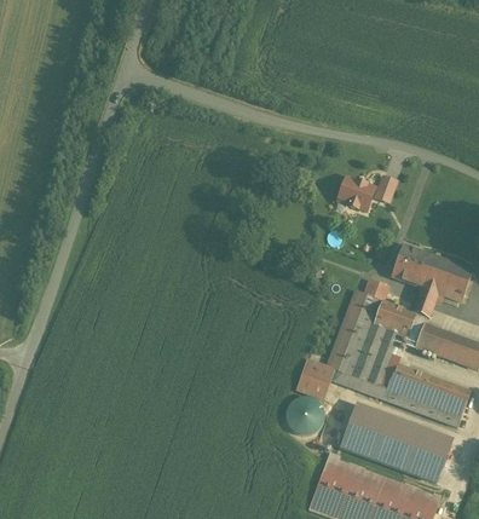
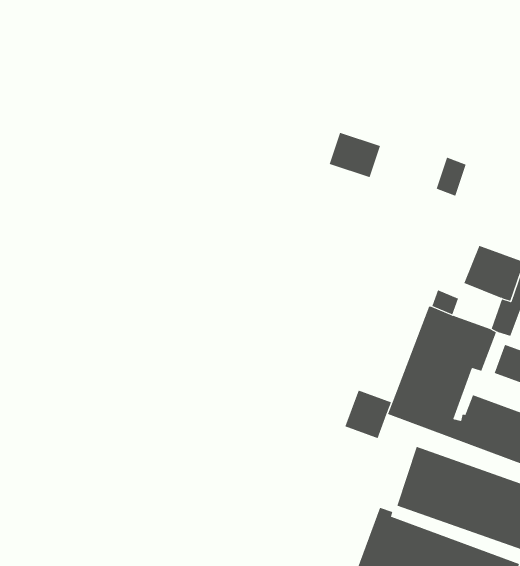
building: [331,175,373,212] -> [329,132,381,178]
building: [285,397,323,434] -> none

